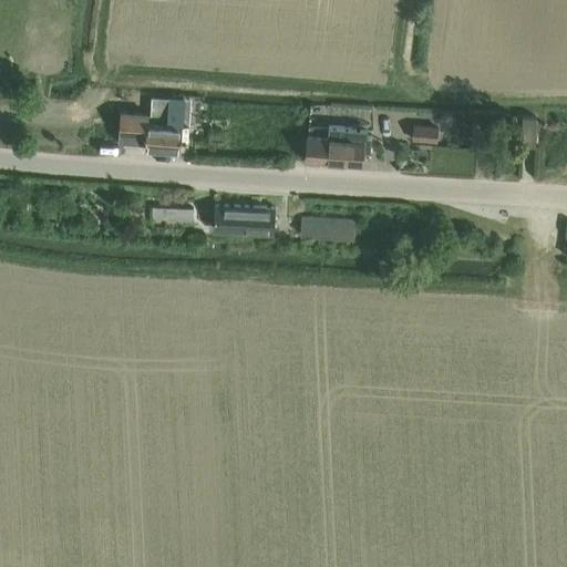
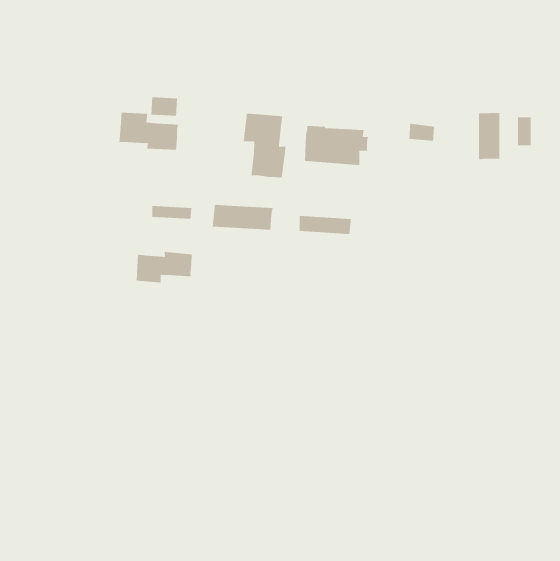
building: none -> [478,112,500,160]
building: none -> [243,113,286,178]
building: none -> [136,251,193,283]

